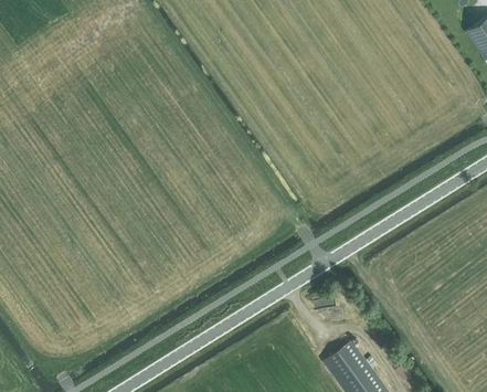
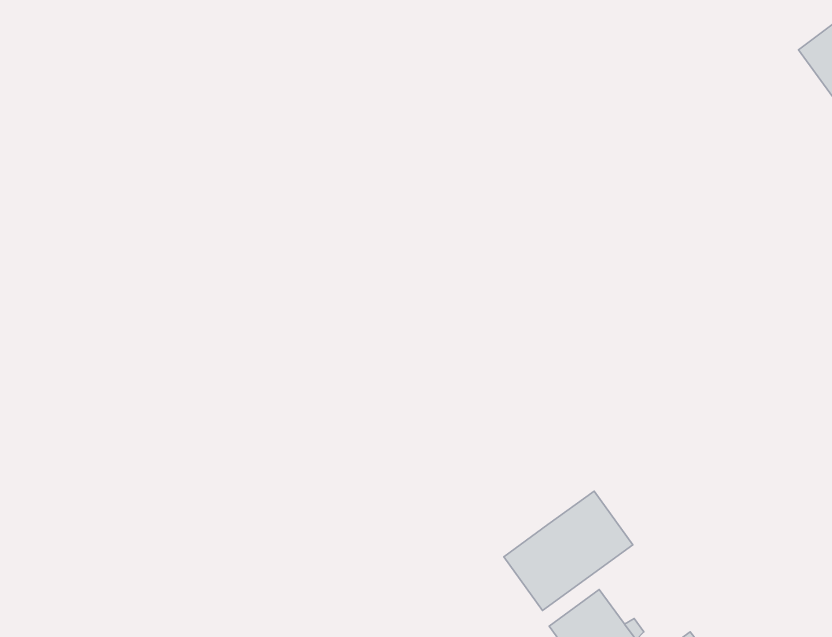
building: none -> [504,491,633,611]

